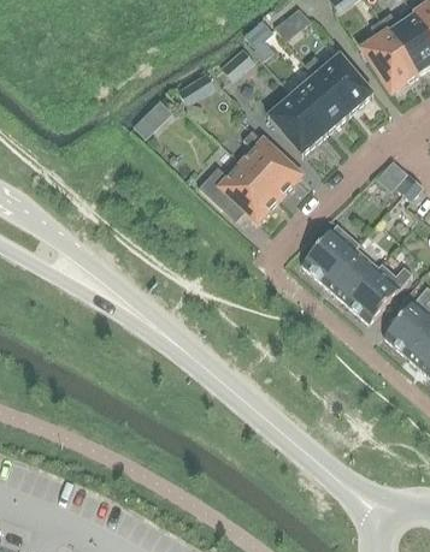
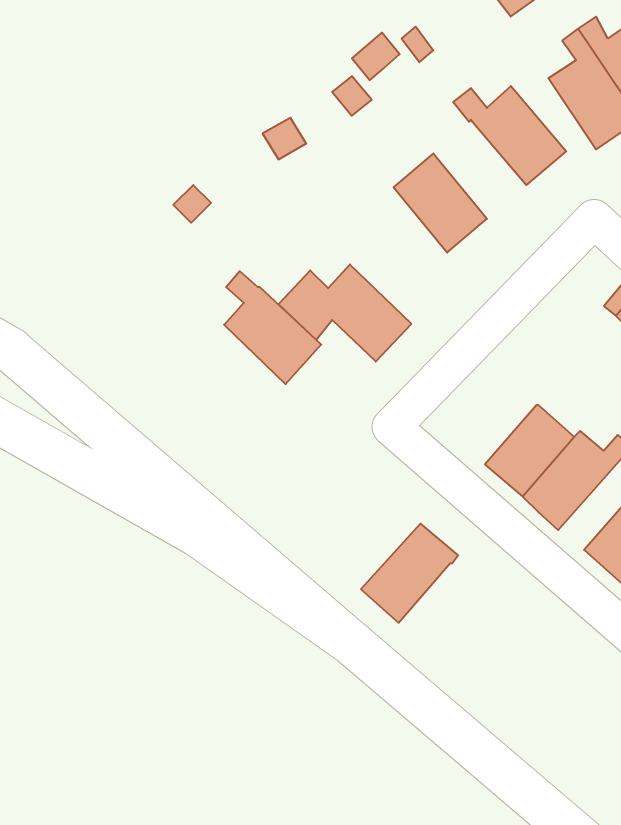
building: [291,73,348,133] -> none
building: [241,129,300,197] -> [224,271,321,384]
building: [300,222,359,283] -> [361,524,458,623]

